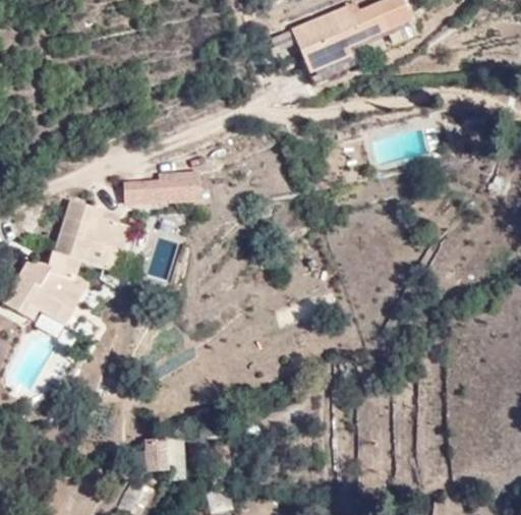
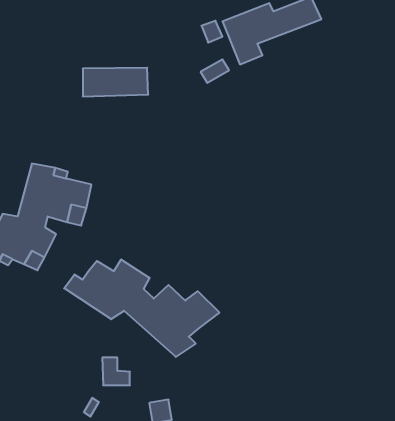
building: [118,168,197,203] -> [83,68,148,96]
building: none -> [64,259,219,357]

